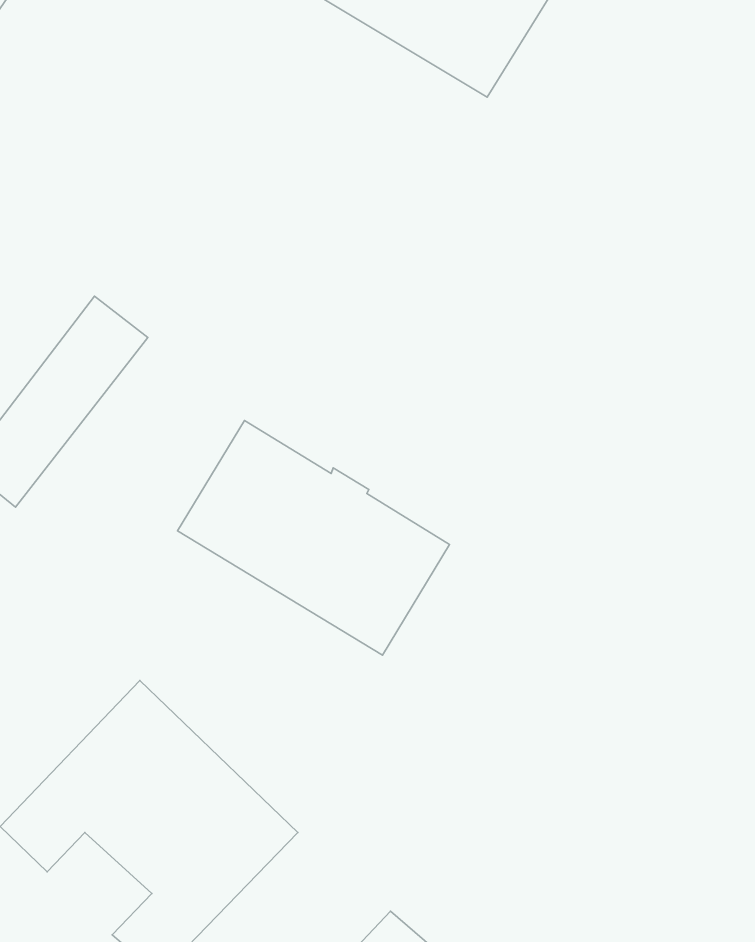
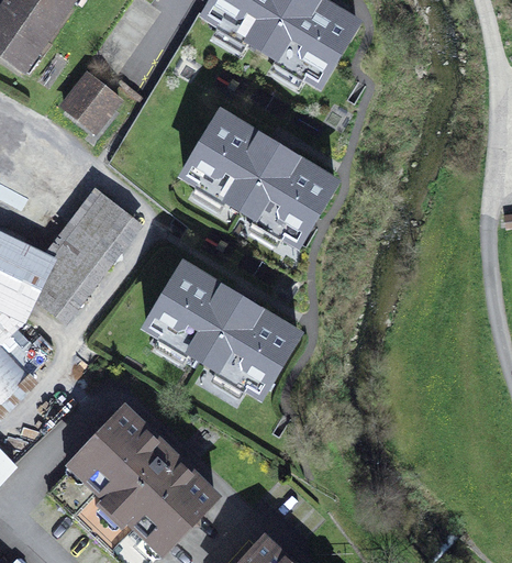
building: none -> [65,73,120,128]
building: none -> [183,111,336,242]

